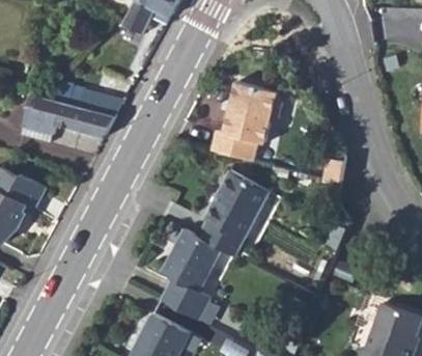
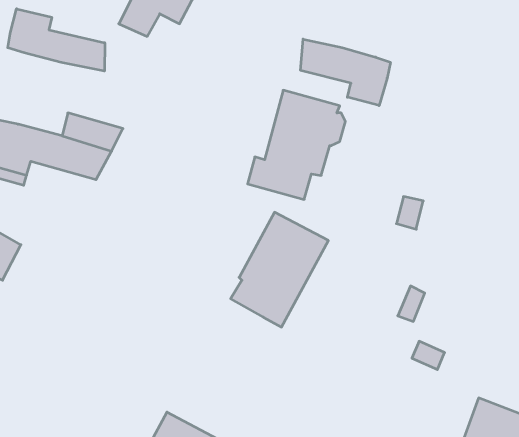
building: none -> [8,9,105,71]
building: none -> [301,39,390,106]
building: [162,223,224,316] -> none

